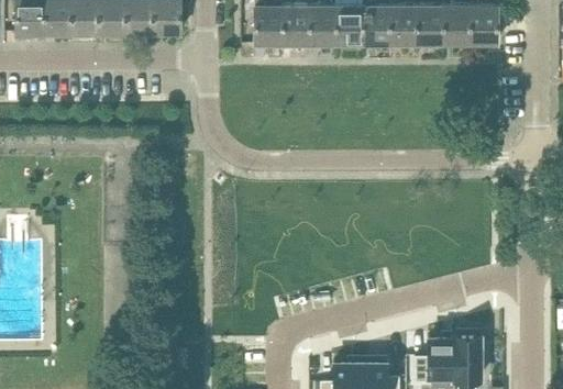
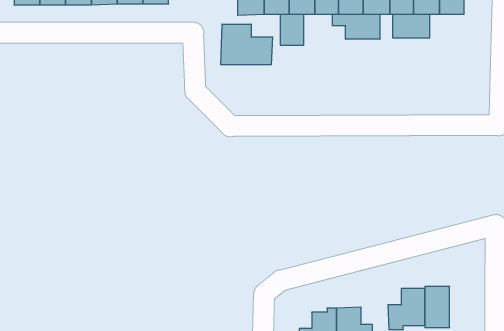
building: none -> [281,14,304,45]
building: none -> [332,14,380,39]
building: none -> [393,14,430,38]
building: none -> [221,24,273,65]

